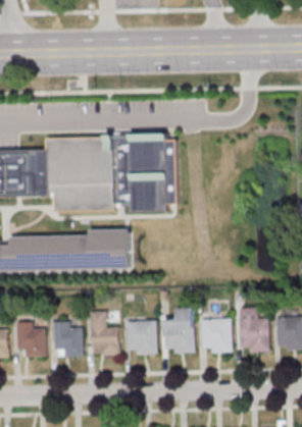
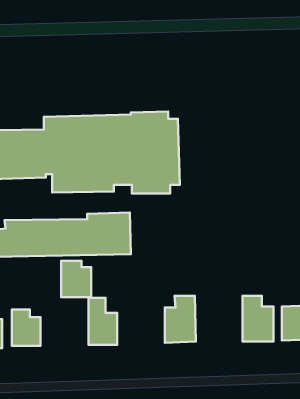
building: [202,318,231,352] -> none
building: [127,320,157,353] -> none
building: [53,321,82,356] -> [61,261,91,297]

